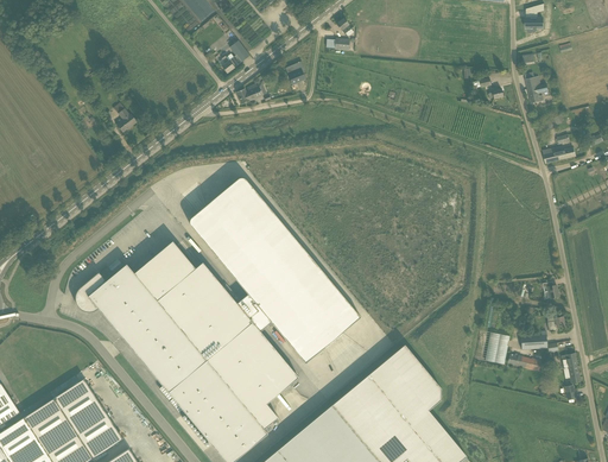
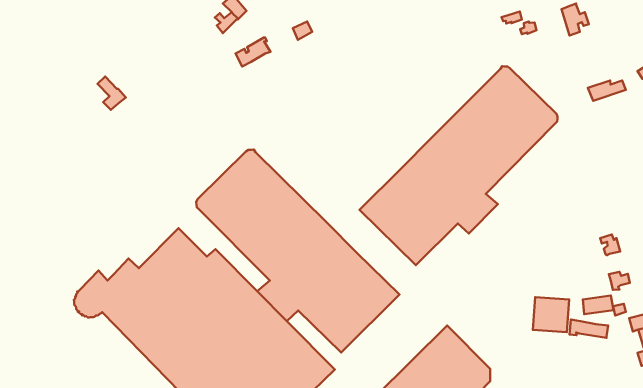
building: none -> [360,66,558,265]

